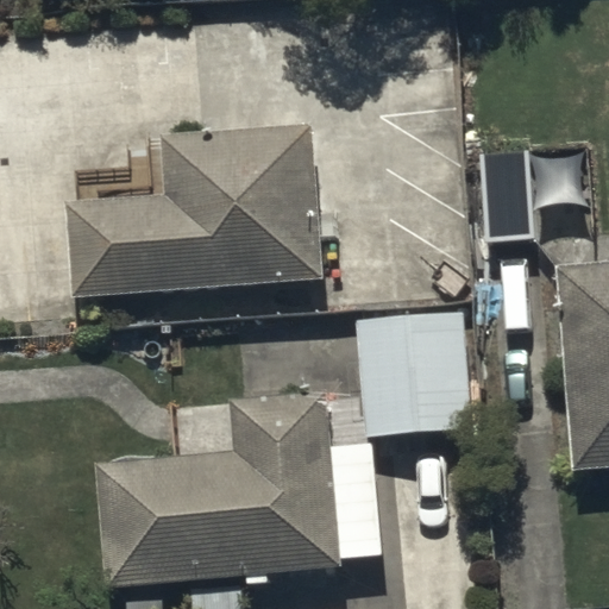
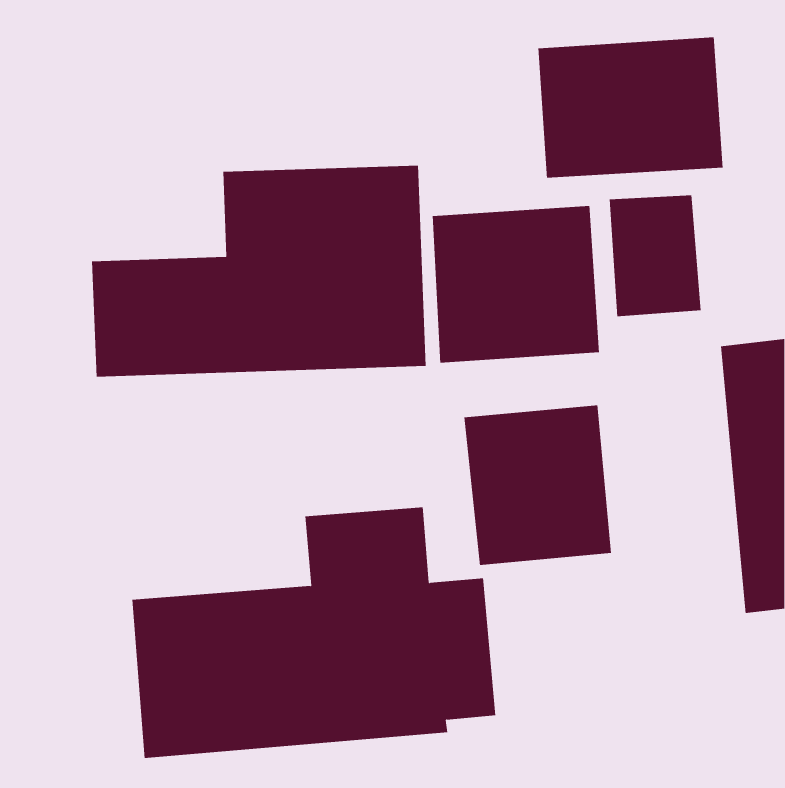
building: none -> [538,36,723,178]
building: none -> [432,205,600,364]

